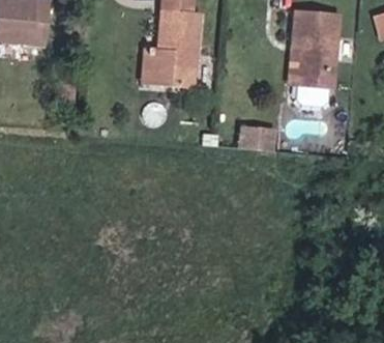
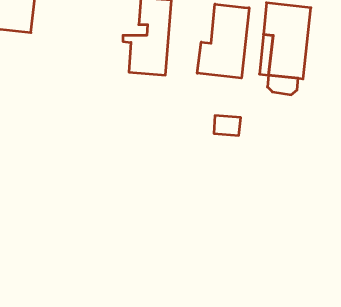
building: none -> [197,4,249,78]

